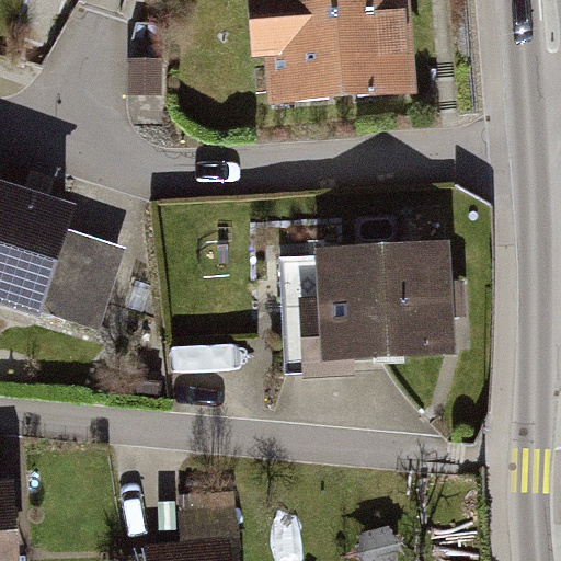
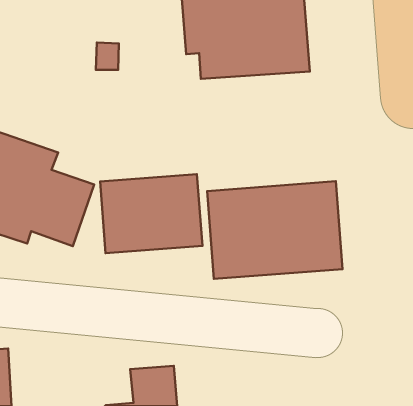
building: none -> [100,174,202,253]

